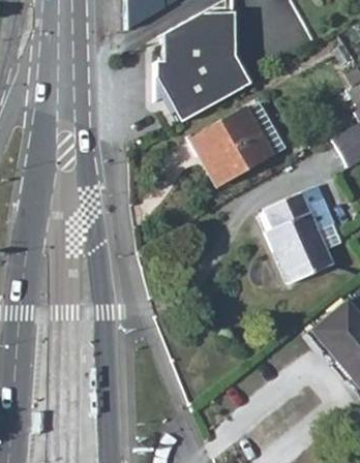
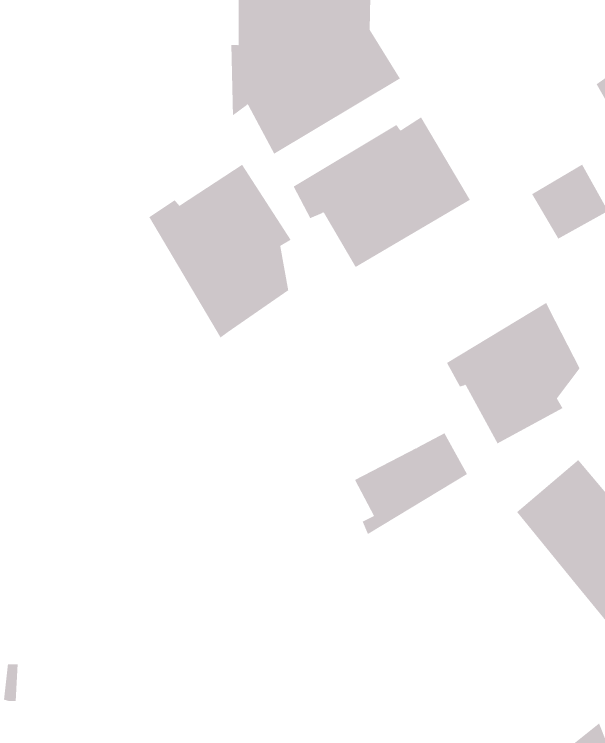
building: none -> [149,164,292,338]
building: [265,186,327,242] -> [354,432,468,535]

